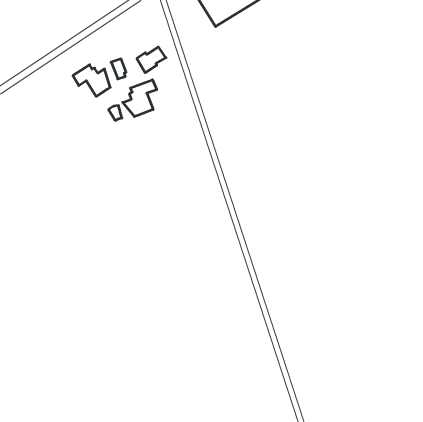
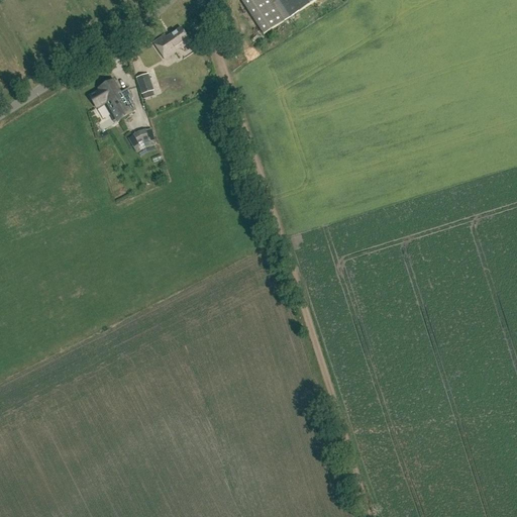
building: [137,47,166,73] -> [152,25,188,57]
building: [123,80,157,117] -> none

